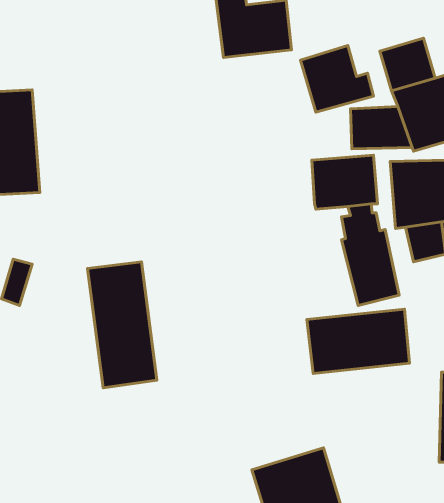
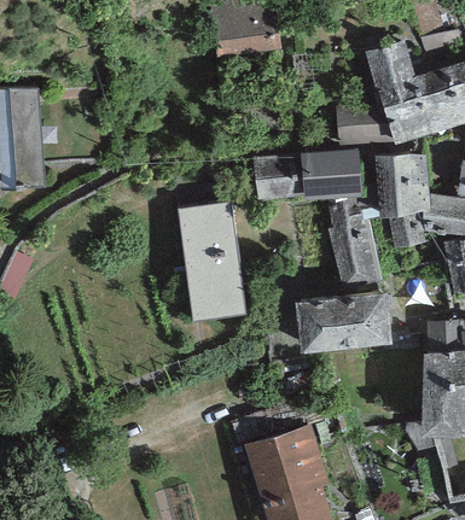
building: [301,46,374,112] -> none
building: none -> [252,153,302,198]
building: [88,262,157,388] -> [179,203,244,321]

